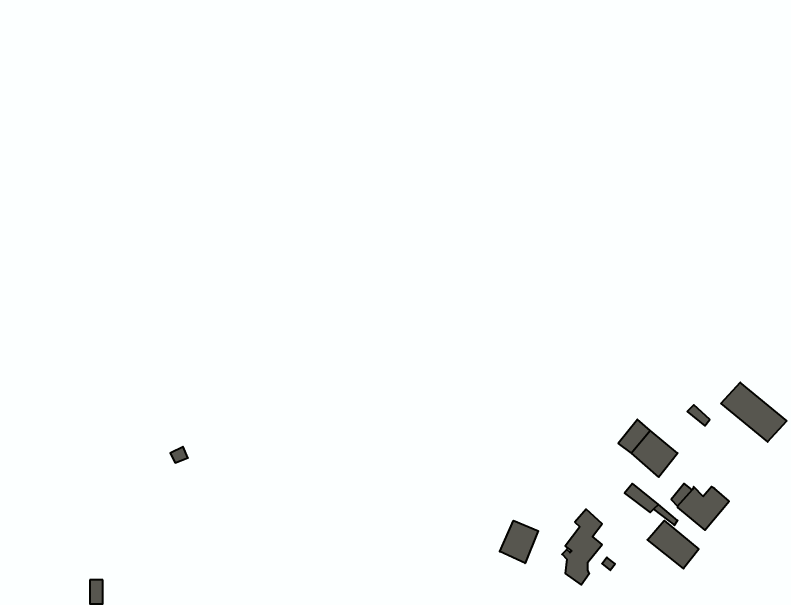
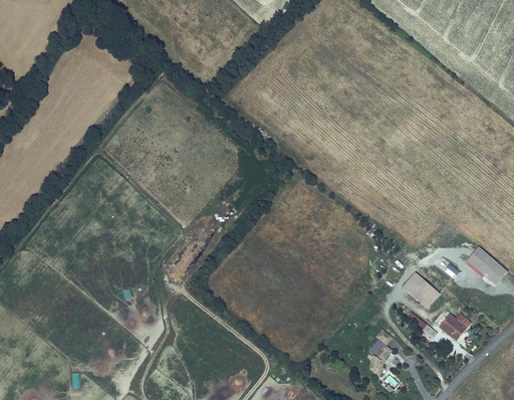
building: [647,521,699,569] -> none
building: [500,521,538,563] -> none

